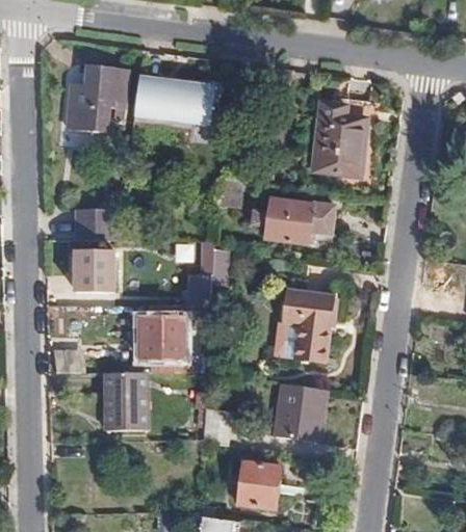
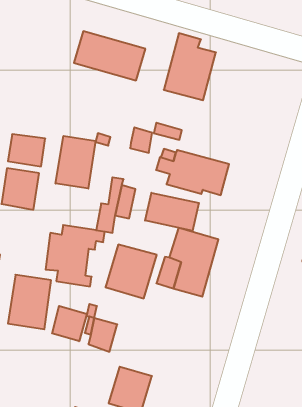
building: [66,64,129,133] -> none
building: [312,102,366,176] -> [164,33,216,100]
building: none -> [56,136,96,189]
building: none -> [145,193,199,231]
building: [273,384,327,443] -> [105,245,157,298]
building: none -> [52,306,87,341]

